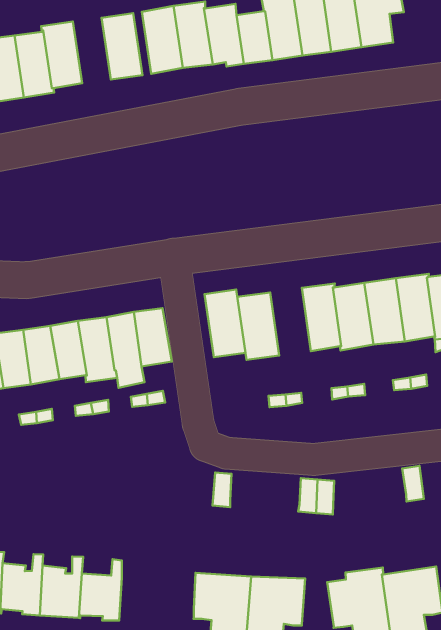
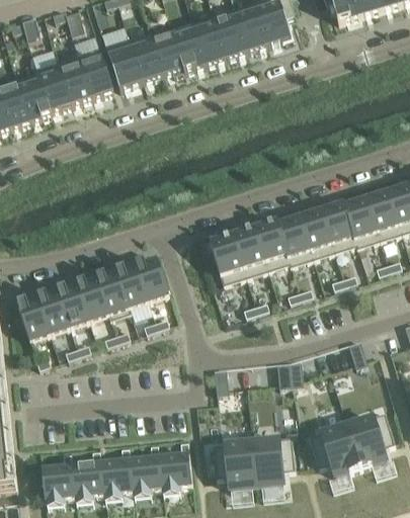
building: none -> [57,54,91,103]
building: [205,290,245,357] -> [232,225,268,276]
building: none -> [159,440,192,487]

